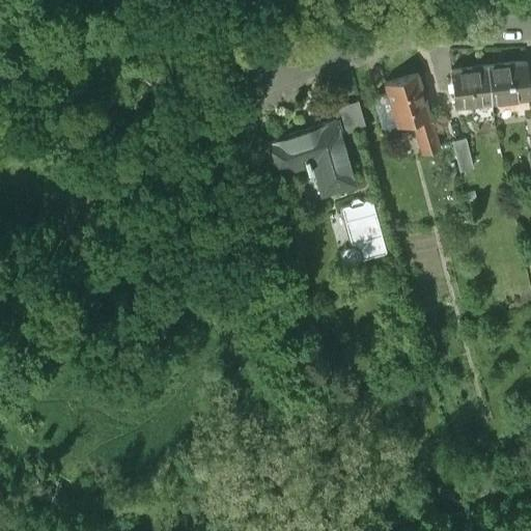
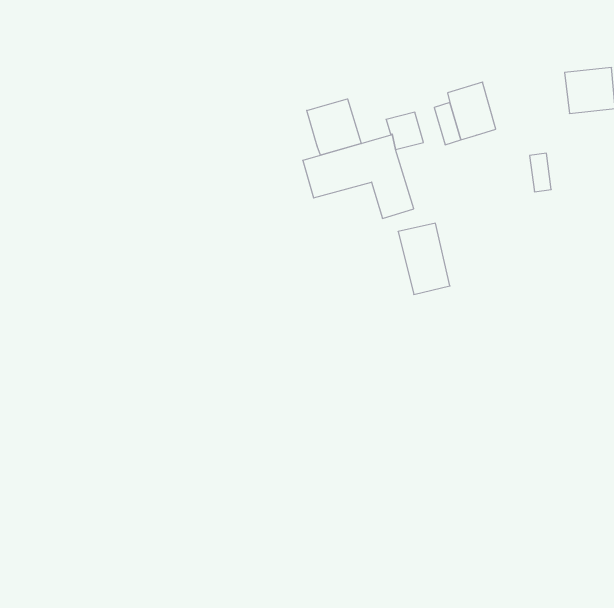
building: [451,69,492,109] -> none
building: none -> [307,99,361,155]
building: [412,118,438,156] -> none

